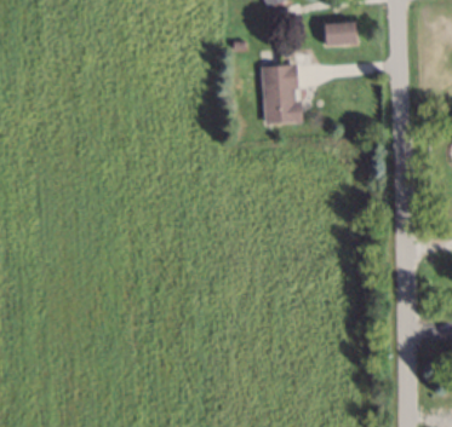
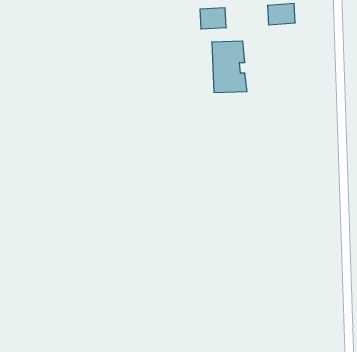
building: none -> [200,8,226,29]

